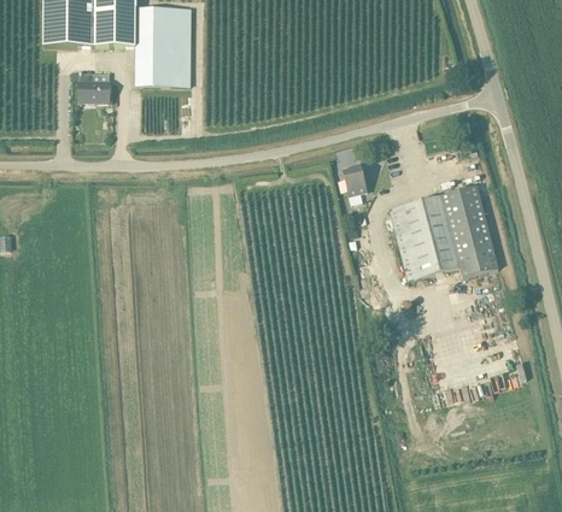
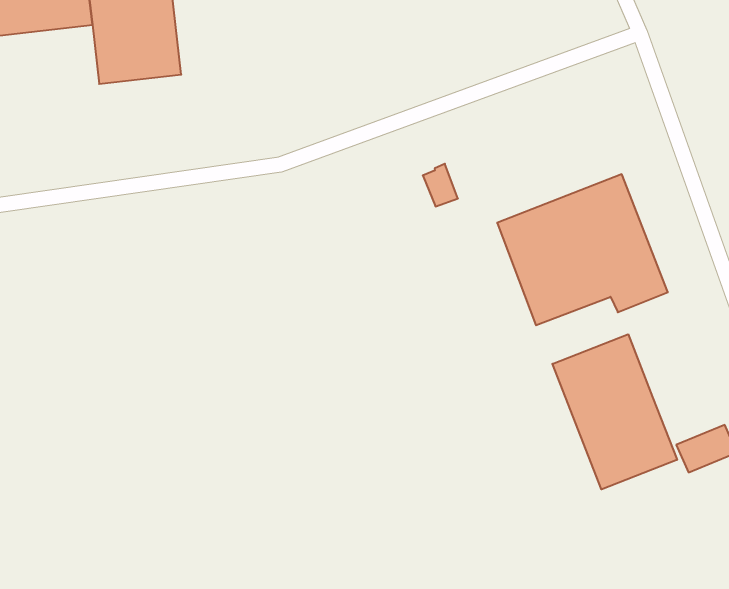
building: [78,70,110,100] -> none
building: none -> [552,334,677,489]

